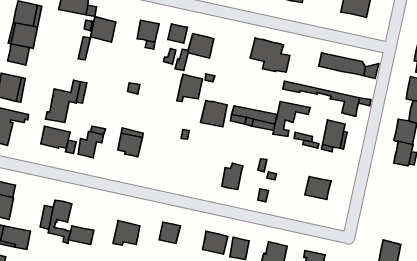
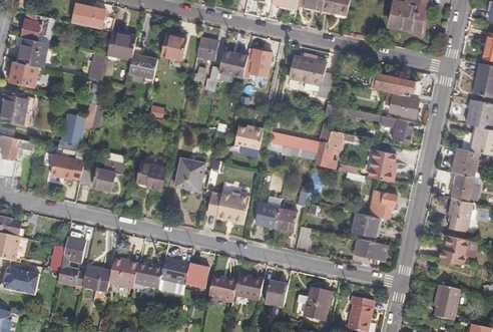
building: none -> [128,45,156,77]
building: none -> [389,92,418,116]
building: [177,74,202,102] -> [242,47,272,78]
building: none -> [174,157,204,191]
building: none -> [370,191,397,218]
building: none -> [206,192,250,222]
building: none -> [448,197,470,230]
building: none -> [275,208,297,232]
building: none -> [439,235,467,264]
building: none -> [355,238,386,260]
building: none -> [109,258,138,287]
building: none -> [161,259,189,285]
building: none -> [208,277,237,302]

